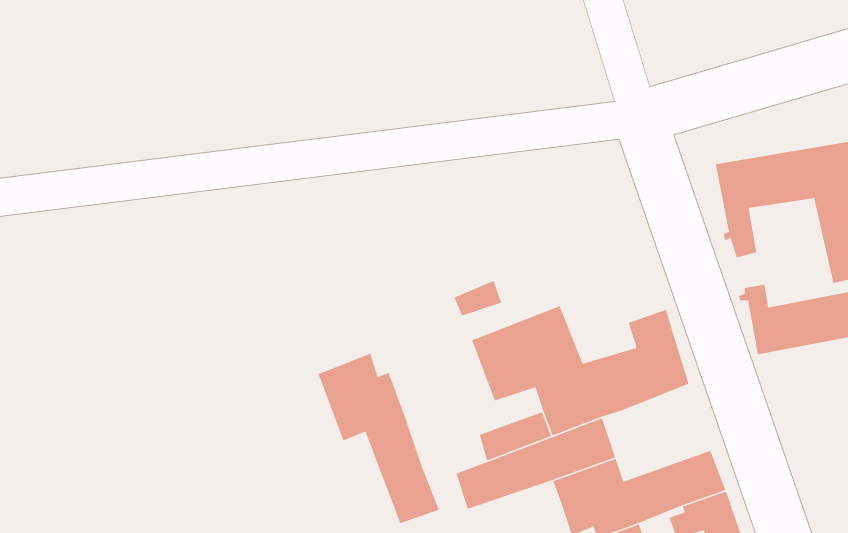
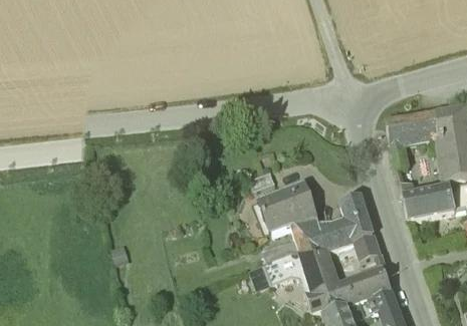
building: [317,352,440,524] -> none
building: none -> [337,232,380,259]

